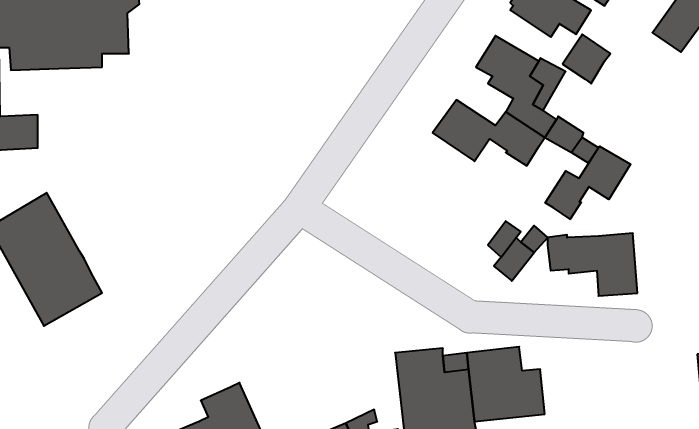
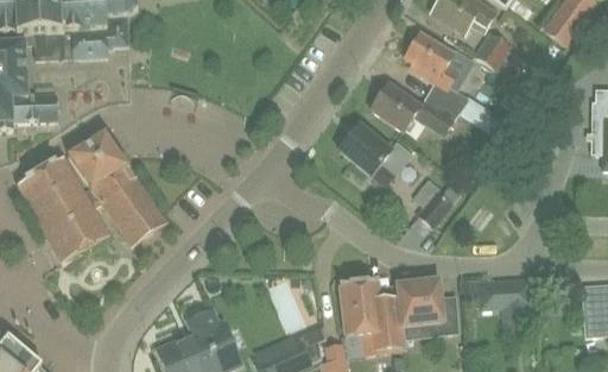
building: [545,146,631,219] -> none
building: none -> [338,122,412,184]
building: none -> [66,131,166,246]
building: [548,233,637,296] -> [462,277,533,327]

